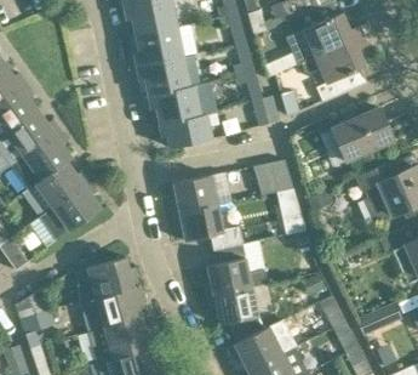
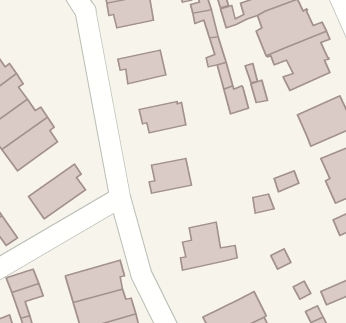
building: [134,24,183,67] -> none
building: [148,84,201,121] -> none
building: [28,157,90,216] -> none
building: [253,159,293,194] -> none
building: [173,204,244,250] -> none
building: [76,256,139,302] -> none
building: [207,286,269,347] -> none

